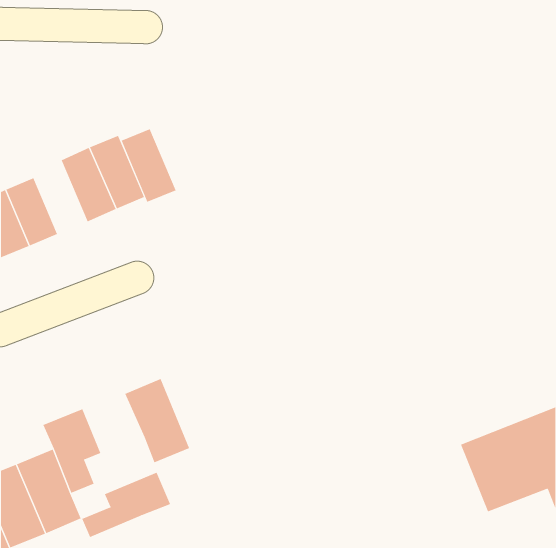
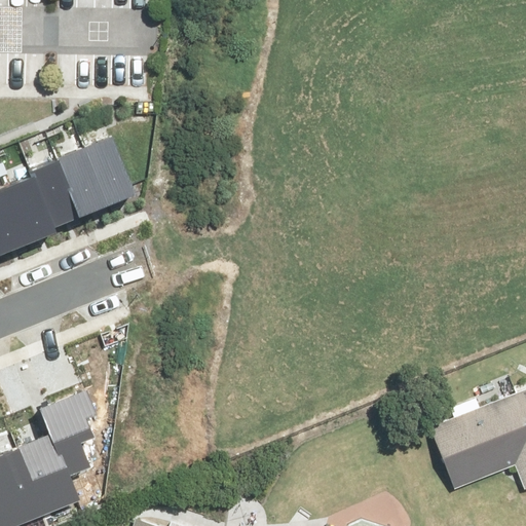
building: [121,129,176,203] -> [30,159,82,229]
building: [125,378,190,463] -> none
building: [82,472,171,538] -> none

